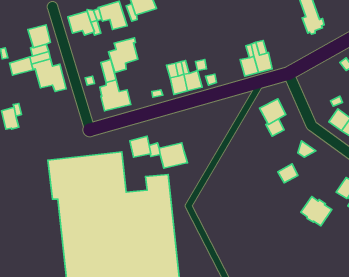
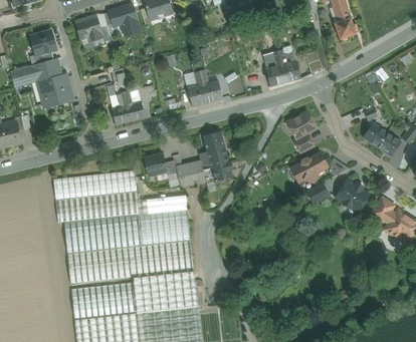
building: [108,38,138,73] -> none
building: none -> [203,130,233,184]
building: none -> [291,152,327,182]
building: [301,197,332,226] -> [336,180,370,212]

